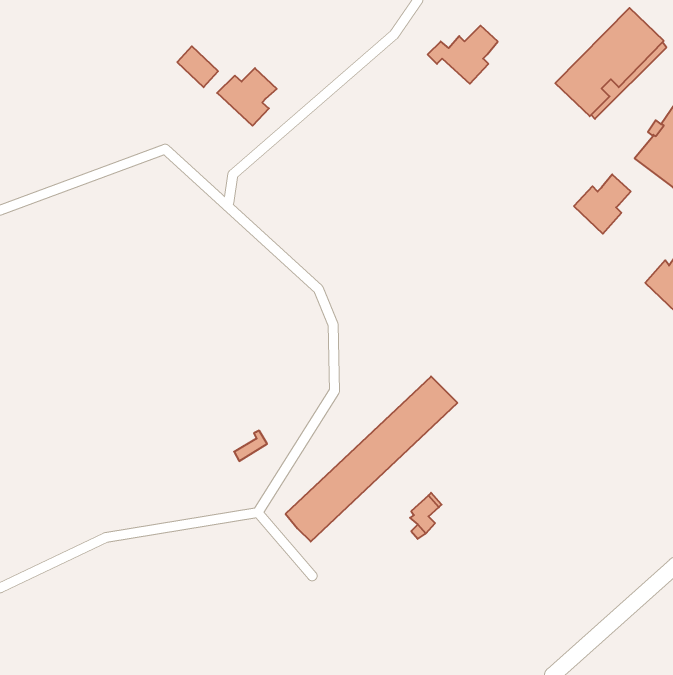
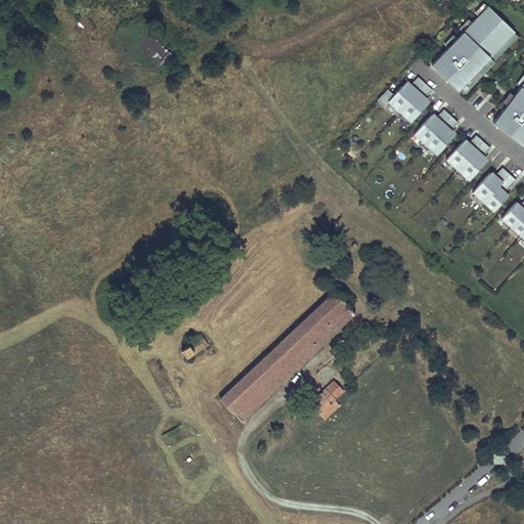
building: [428,26,498,84] -> [378,77,432,122]
building: [217,68,277,126] -> none
building: none -> [413,110,458,155]
building: none -> [472,168,516,212]

